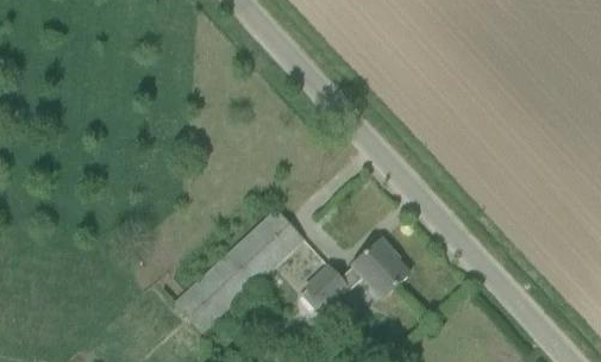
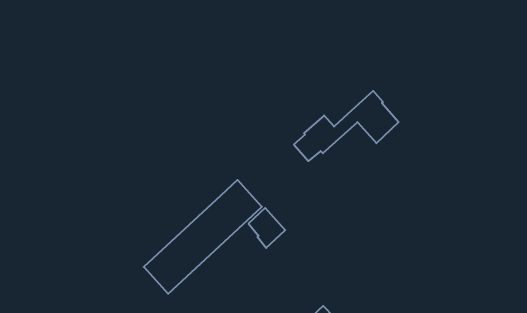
building: [296,242,408,317] -> [294,91,399,161]

